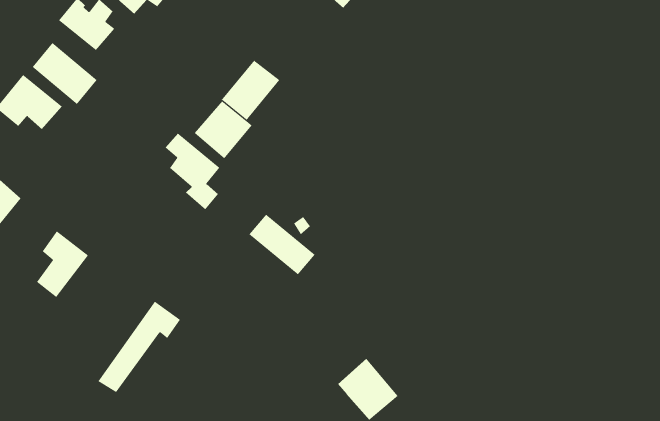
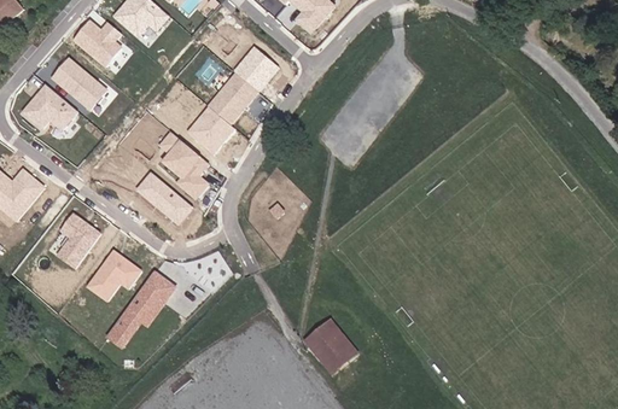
building: none -> [234,46,278,89]
building: [248,214,316,275] -> [138,173,193,223]
building: none -> [88,251,141,300]

